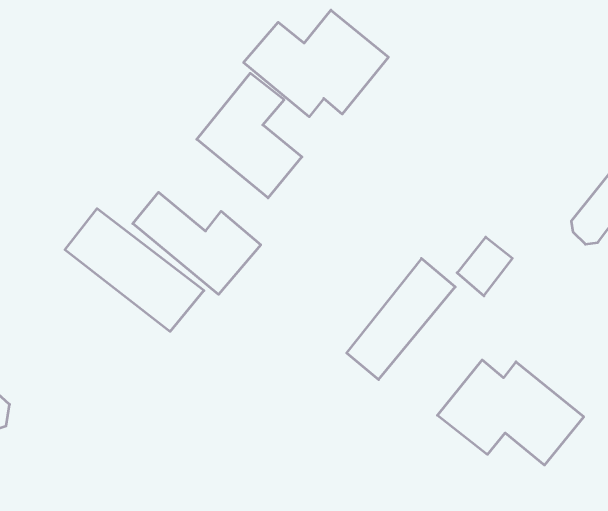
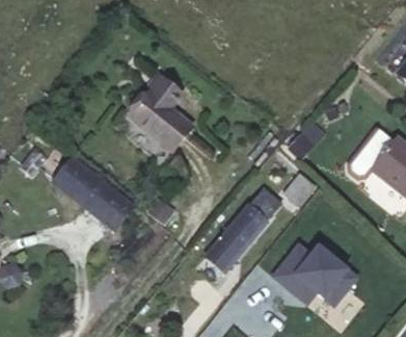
building: [244,10,388,117] -> none
building: [133,192,261,294] -> none

